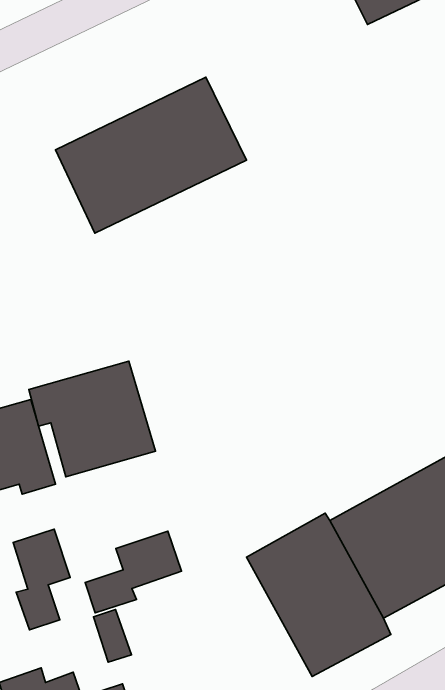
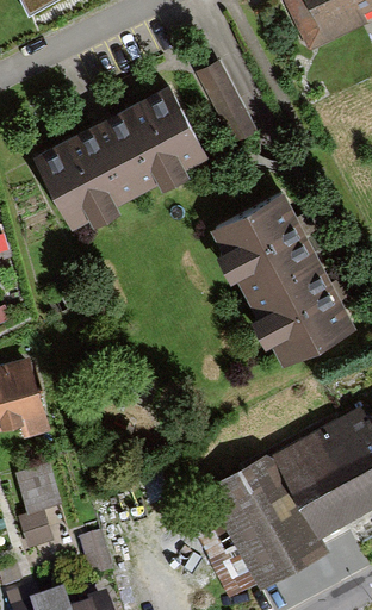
building: none -> [211,195,353,367]
building: [29,361,155,477] -> none
building: [85,531,182,613] -> none

